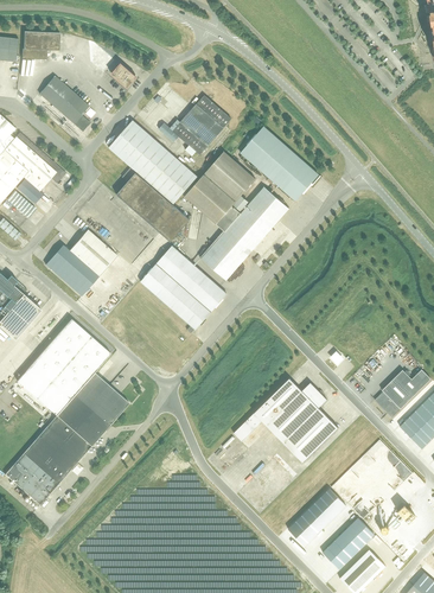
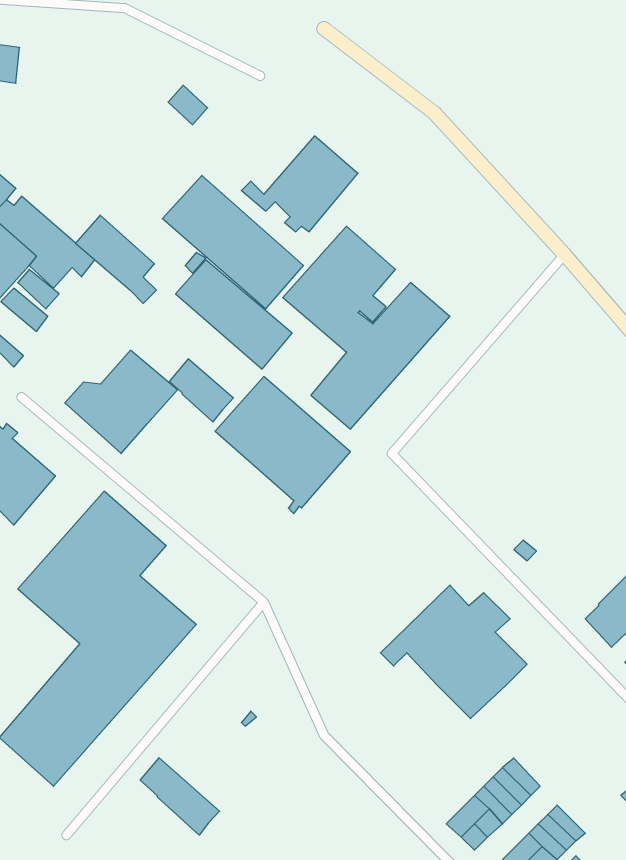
building: [21,31,59,59] -> none
building: [39,76,90,132] -> [76,215,156,303]
building: [241,127,319,202] -> none
building: none -> [170,359,233,422]
building: none -> [140,758,220,835]

